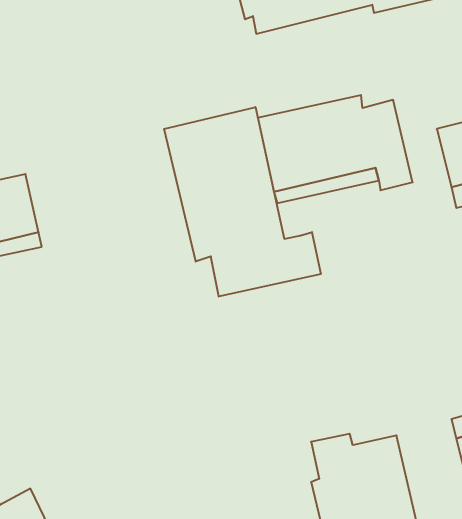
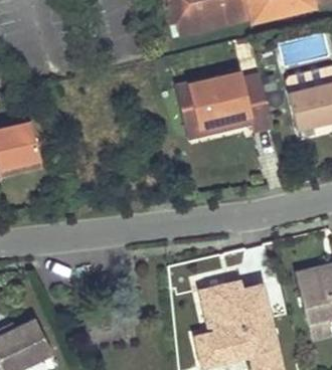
building: [164,107,321,297] -> none

